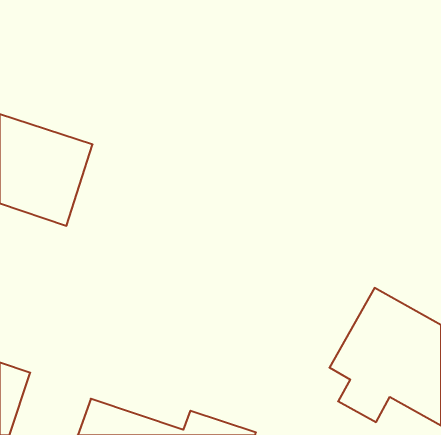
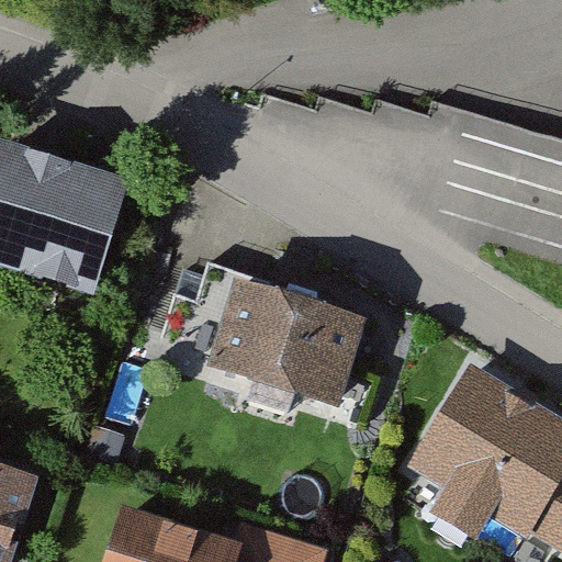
building: none -> [202,281,372,423]

